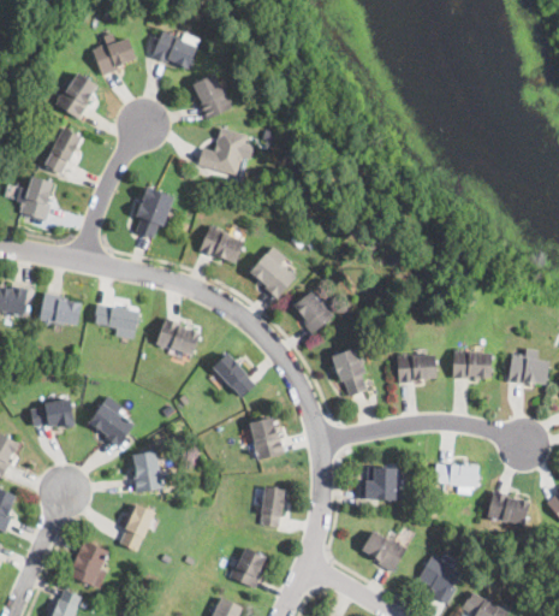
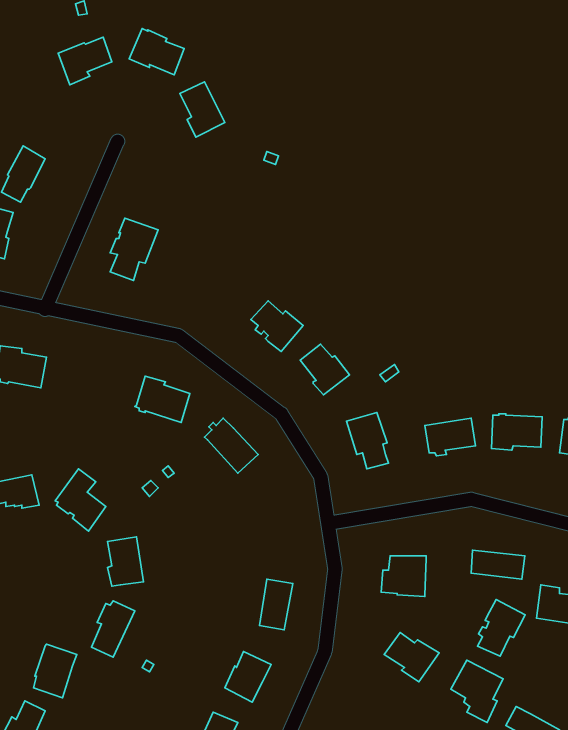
building: [55,72,96,118] -> none
building: [197,126,246,174] -> none
building: [198,225,244,263] -> none
building: [91,302,139,332] -> none
building: [249,416,284,460] -> none
building: none -> [477,600,525,656]

